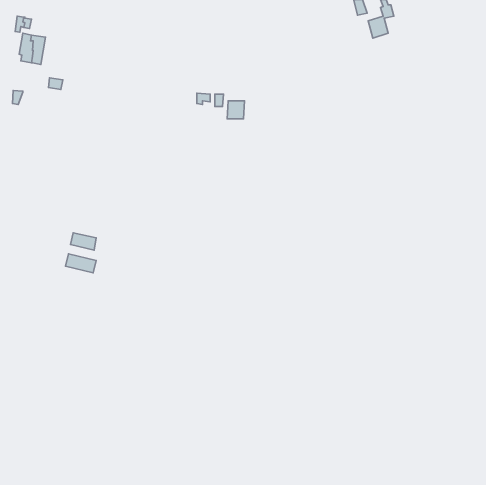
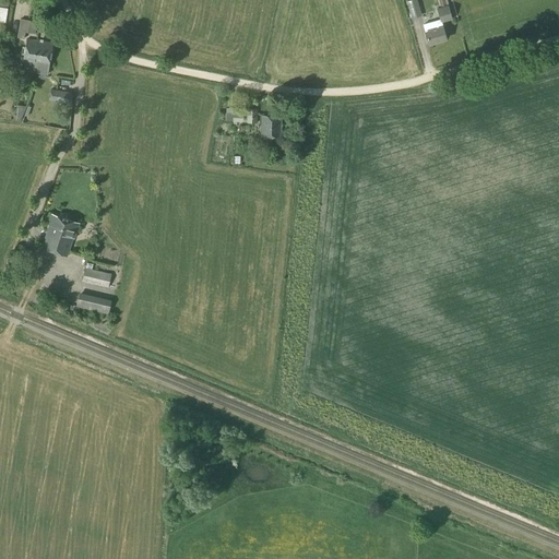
building: none -> [41,213,79,255]

